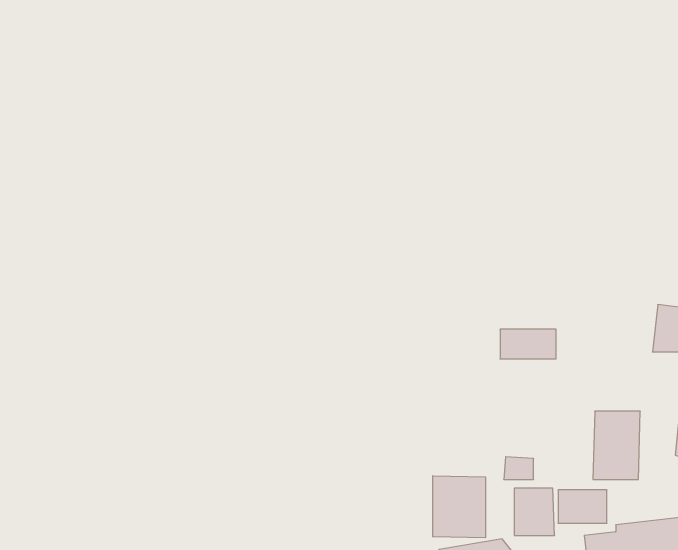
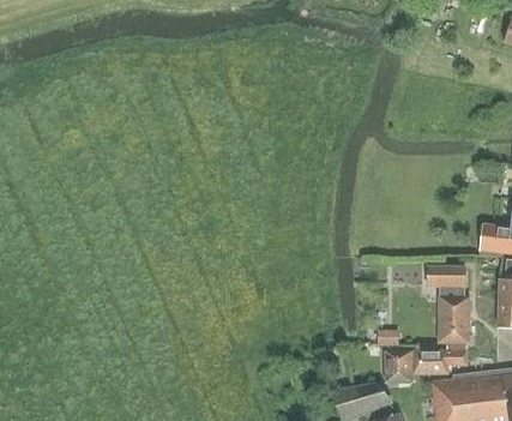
building: [500,329,556,359] -> [426,265,464,285]
building: [433,476,485,538] -> none

